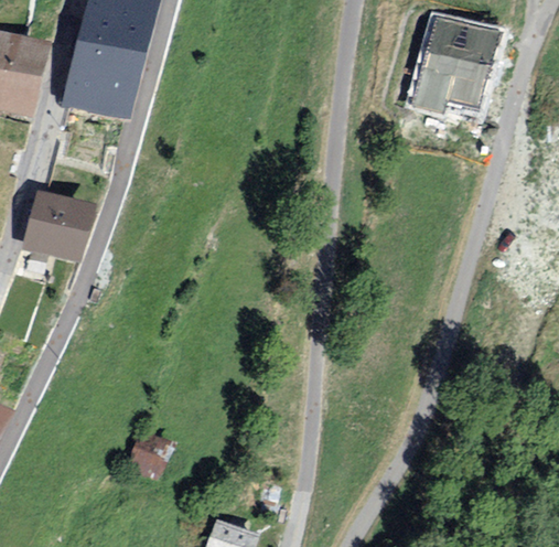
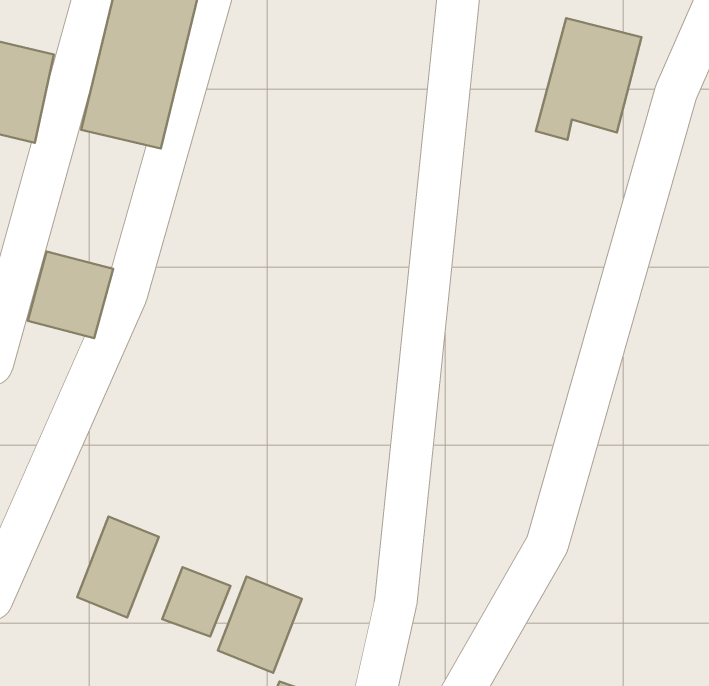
building: none -> [77,516,159,618]
building: none -> [218,577,302,673]

